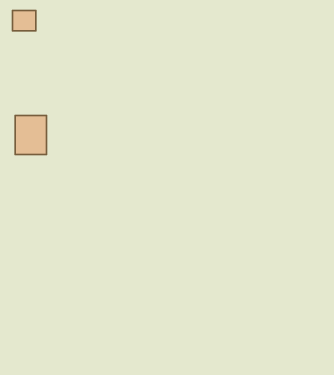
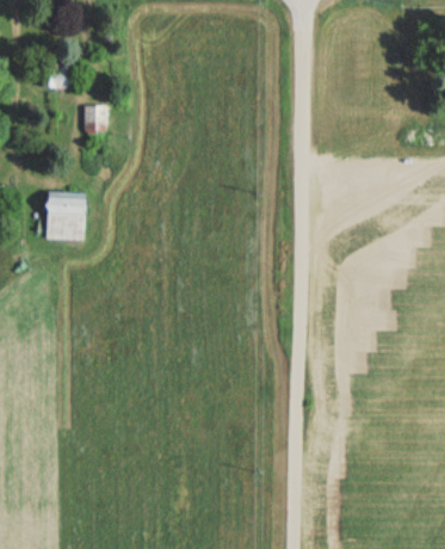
building: none -> [85,105,107,134]

